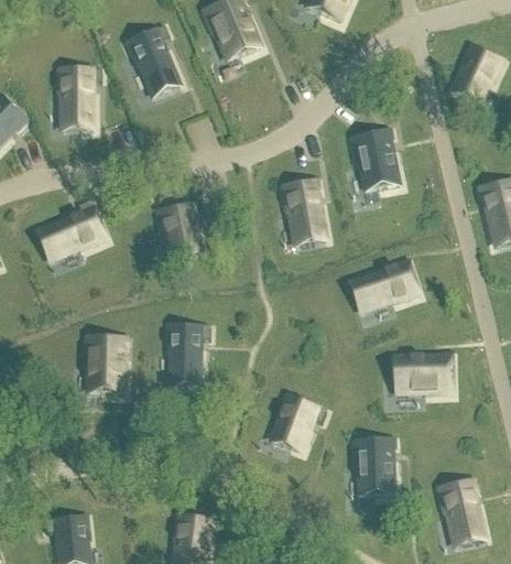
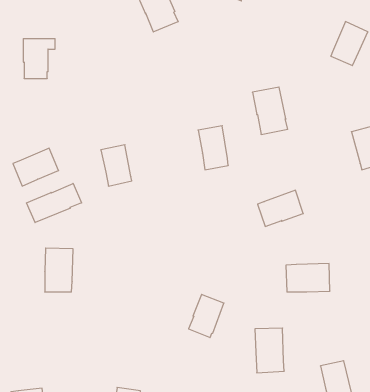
building: [127,24,175,87] -> none
building: none -> [27,183,82,223]
building: [170,324,202,376] -> none

